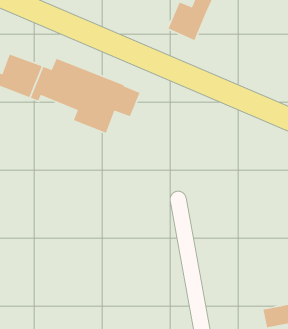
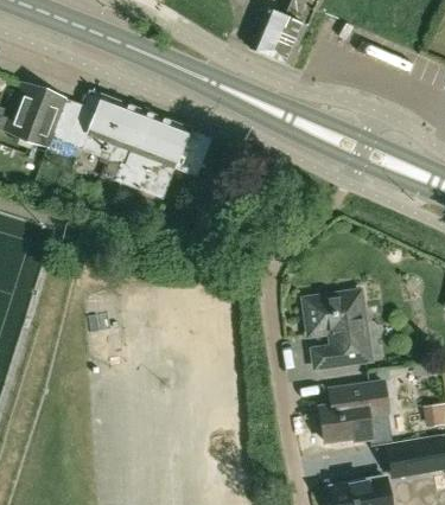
building: none -> [304,292,371,369]
building: none -> [317,383,389,442]

